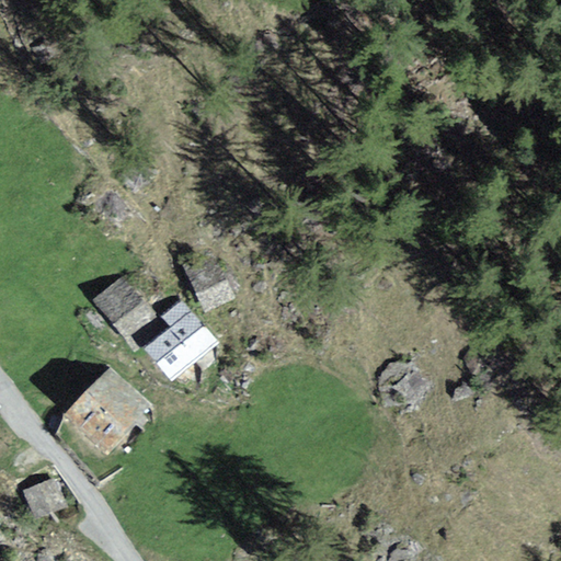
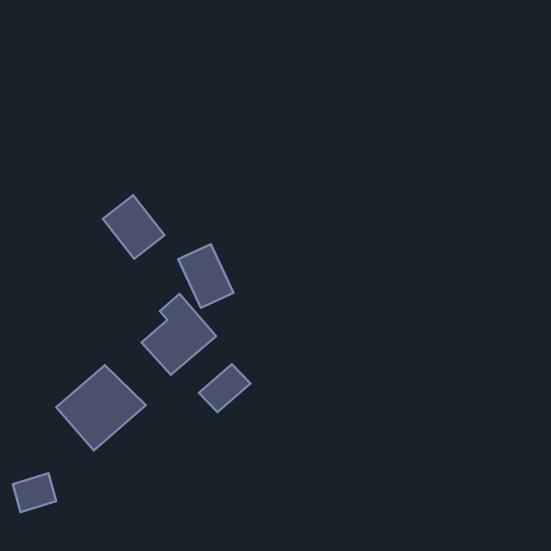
building: [94,274,157,339] -> [103,195,164,259]
building: none -> [199,364,250,412]

